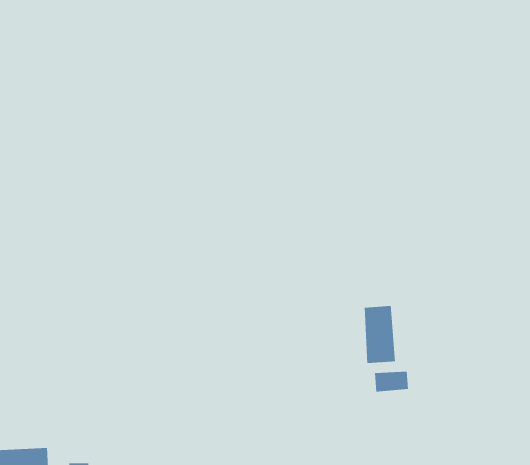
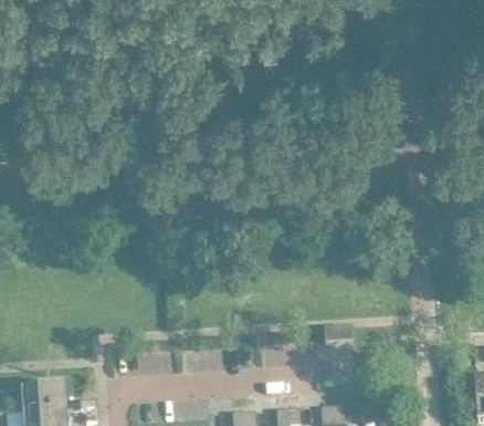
building: [364,305,395,364] -> none

